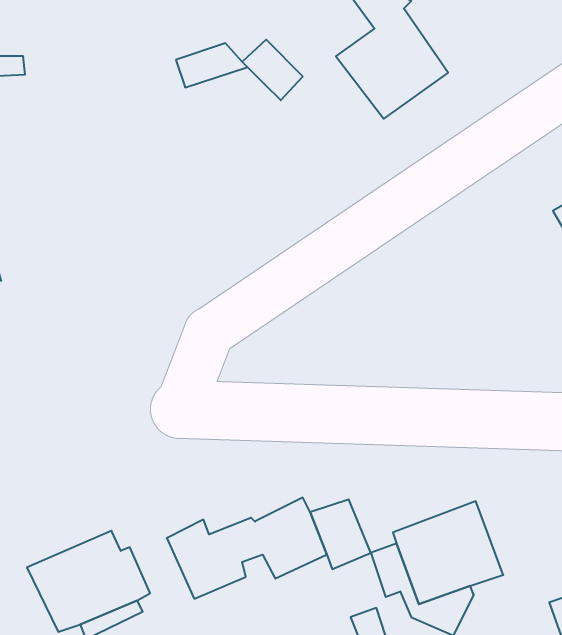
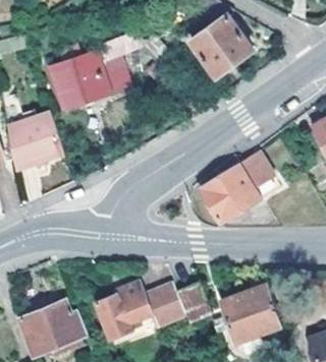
building: none -> [52,45,128,105]
building: none -> [11,108,64,173]
building: none -> [200,152,271,220]

